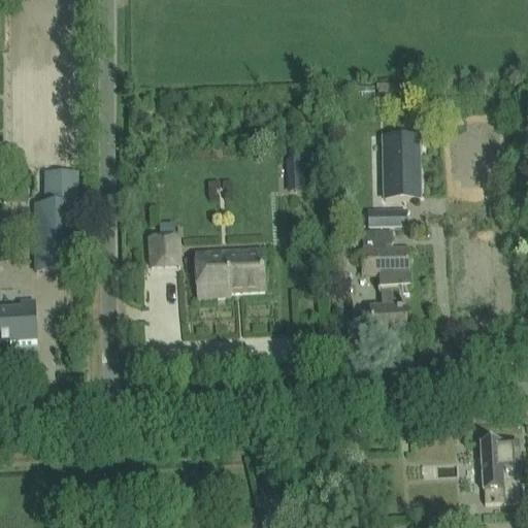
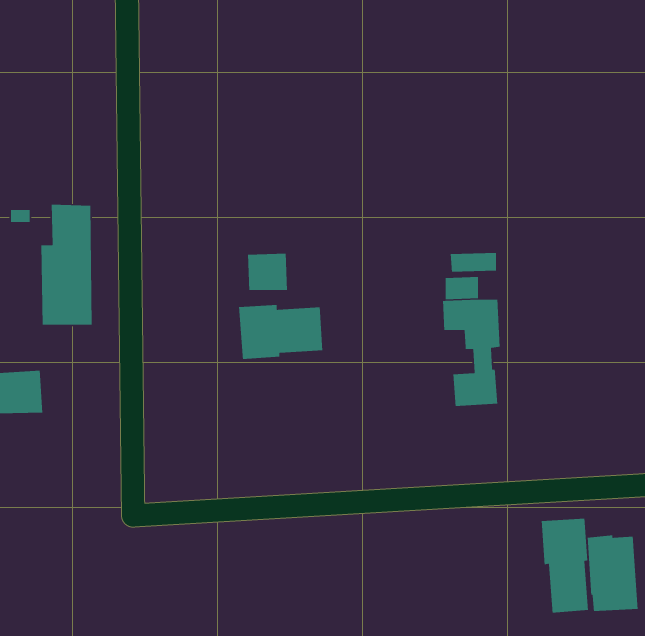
building: [382,131,420,194] -> none
building: [154,237,187,268] -> [247,253,288,291]
building: none -> [541,518,589,614]

